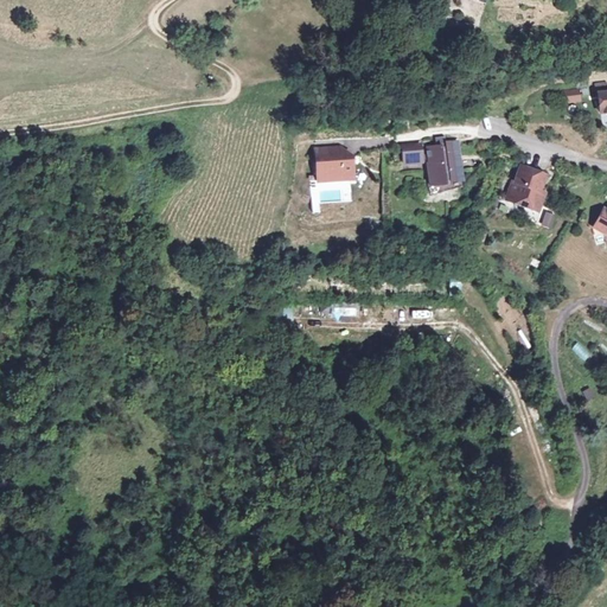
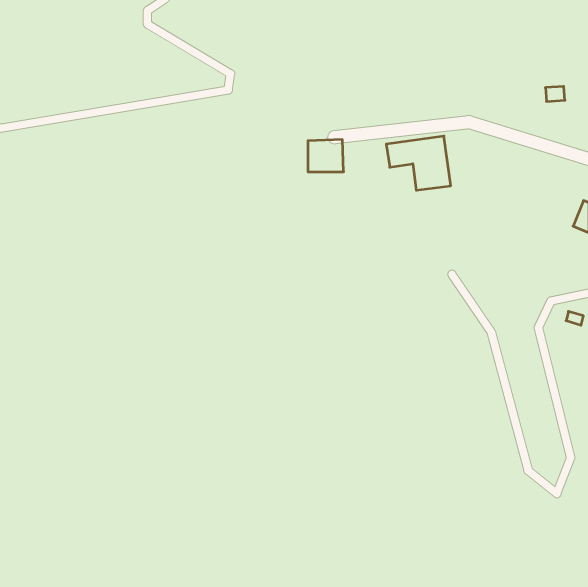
building: [506,164,552,216] -> none

